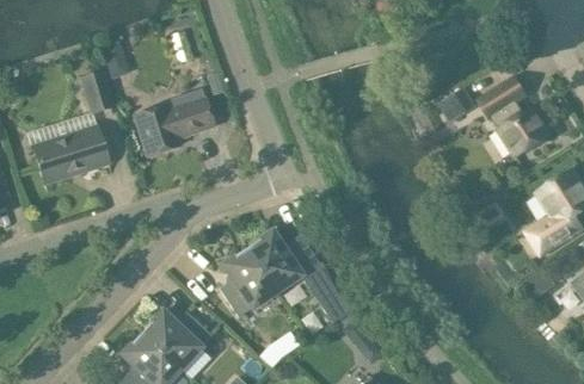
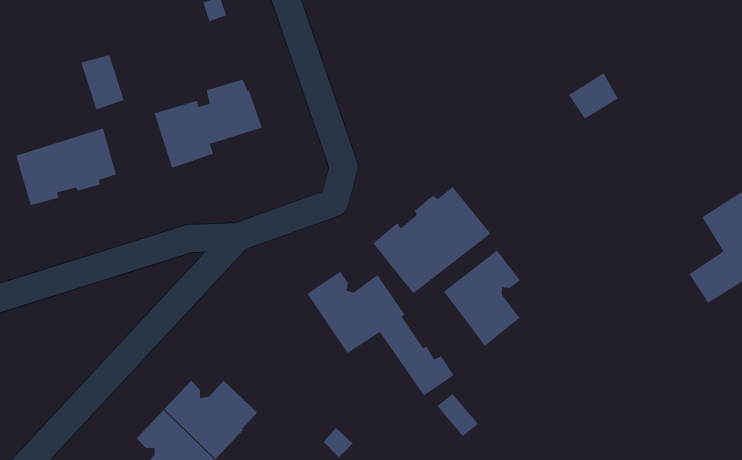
building: [479,79,551,157] -> none
building: none -> [372,183,491,294]
building: none -> [443,250,520,347]
building: [219,248,276,317] -> none

